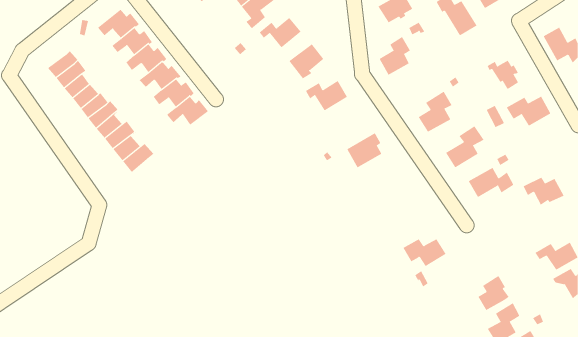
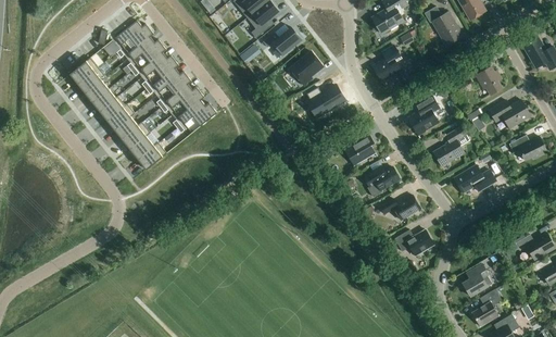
building: none -> [364,166,400,197]
building: [523,177,564,205] -> [509,135,547,161]
building: none -> [380,195,420,220]

